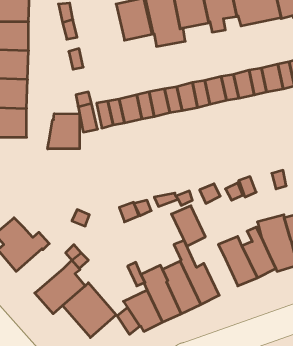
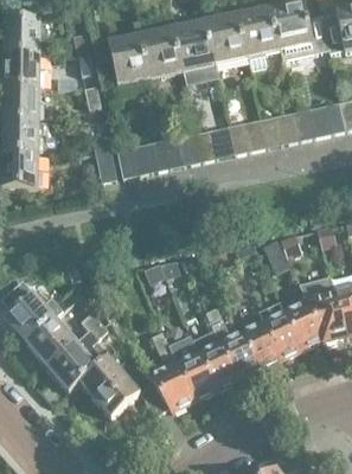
building: none -> [107,34,149,83]
building: [48,114,80,149] -> none
building: [171,206,205,246] -> [241,322,280,369]
building: none -> [25,314,79,366]

